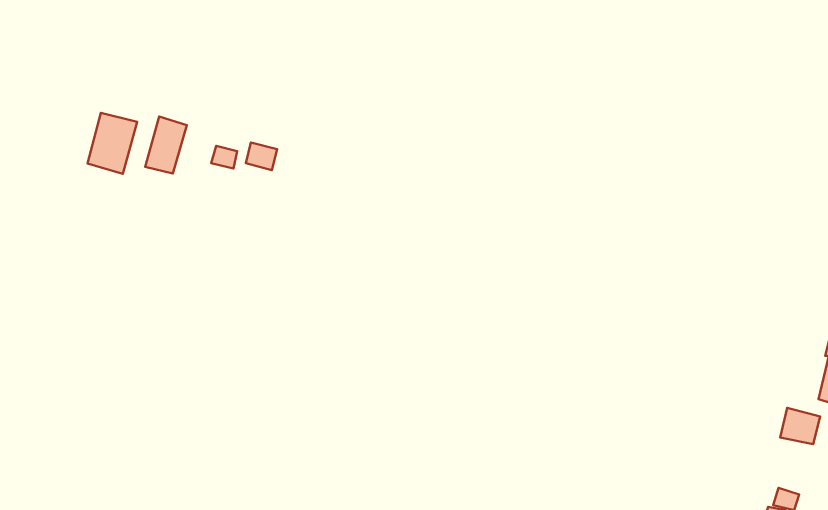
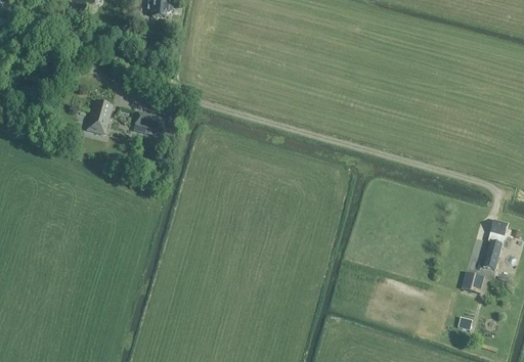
building: [87,113,137,174] -> none

